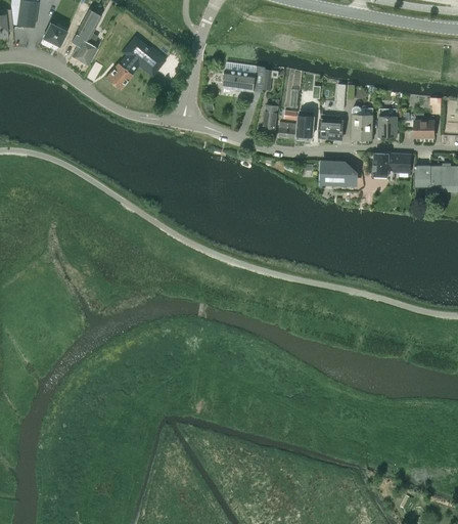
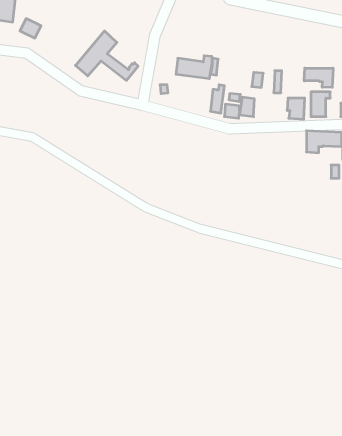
building: [72,10,101,66] -> none
building: none -> [304,68,333,87]
building: [320,120,344,139] -> none
building: [322,162,356,184] -> none

